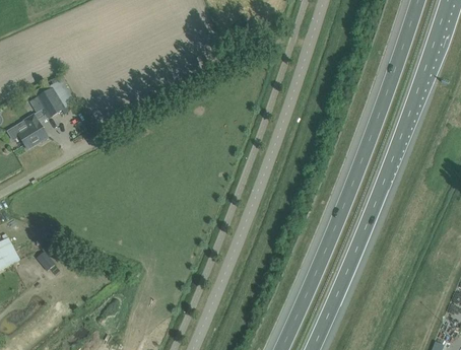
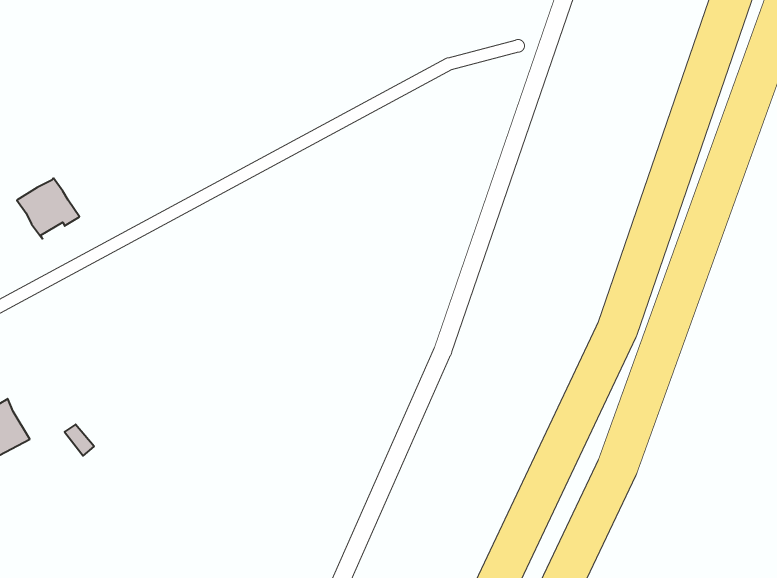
building: [36,87,63,118] -> none

